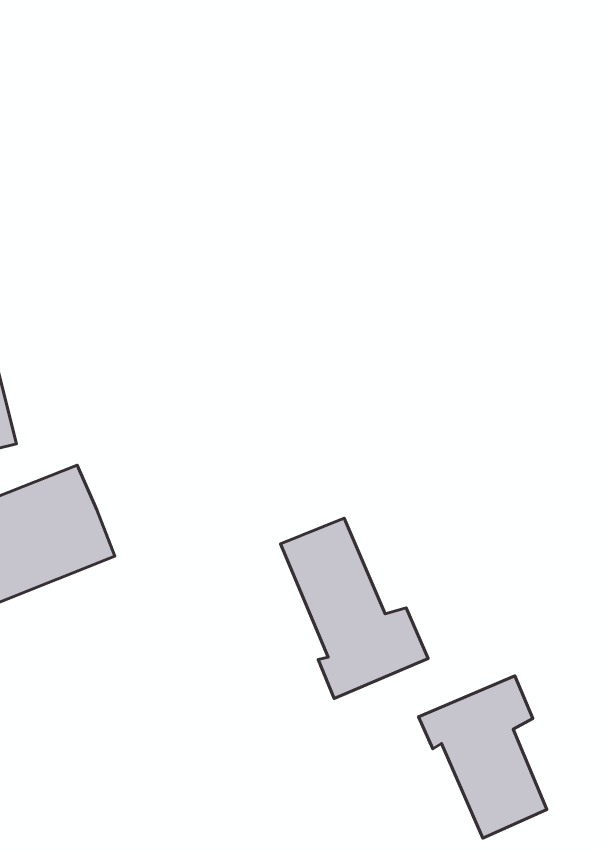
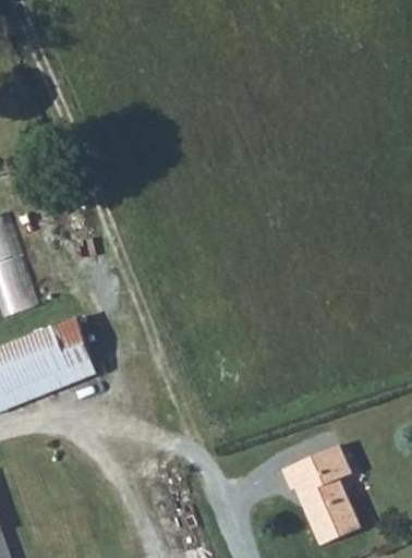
building: [281,518,428,698] -> none

